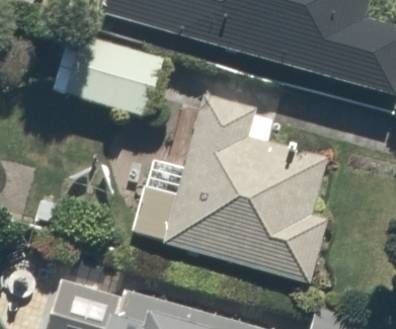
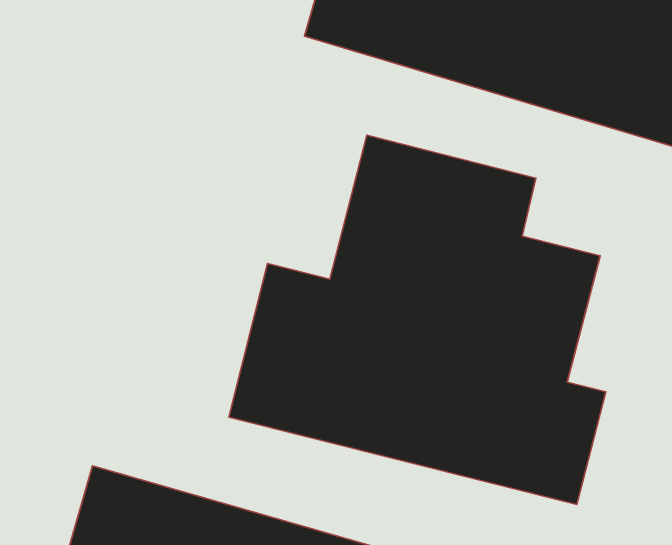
building: [56,32,162,122] -> none

